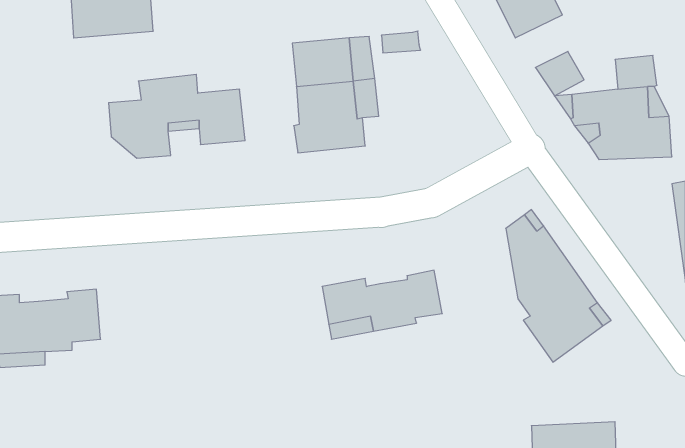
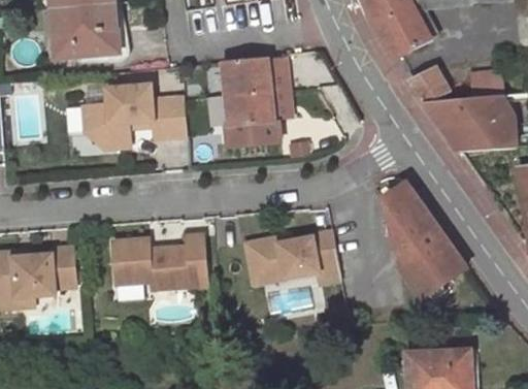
building: none -> [114,237,208,290]

